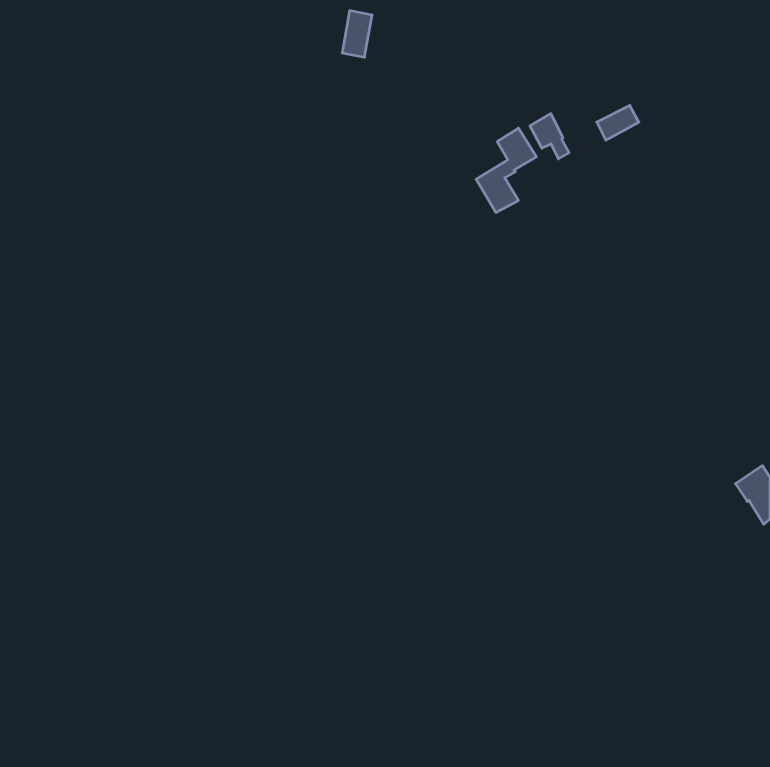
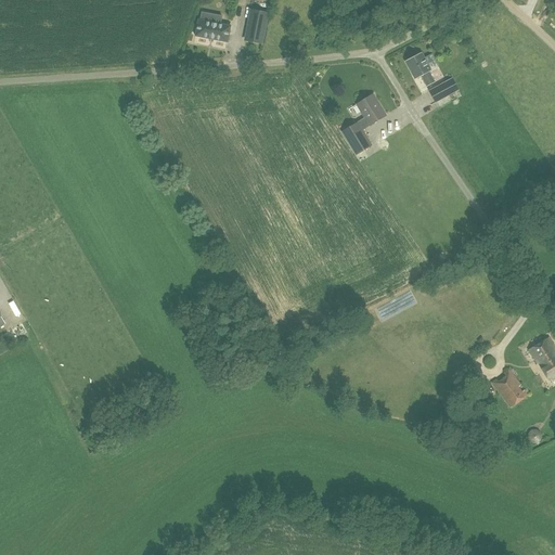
building: none -> [195,17,231,40]
building: [530,114,569,159] -> [406,51,435,83]
building: none -> [491,367,528,405]

